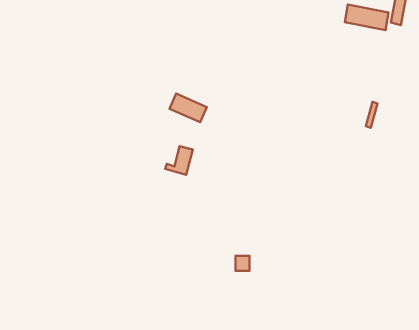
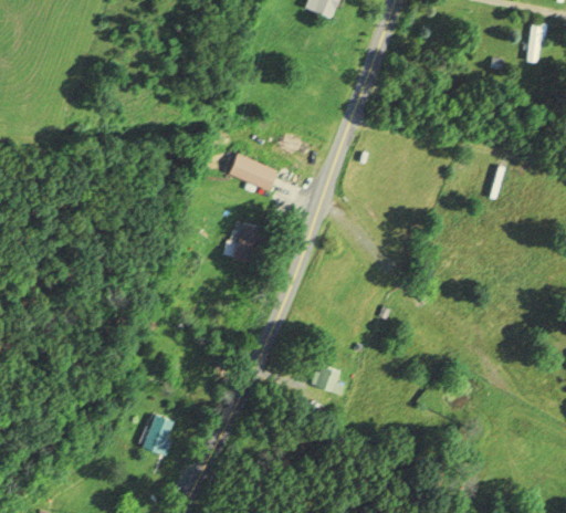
building: [345,5,389,30] -> none
building: none -> [147,417,168,450]

